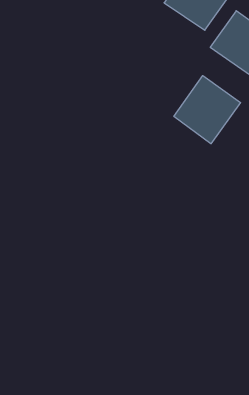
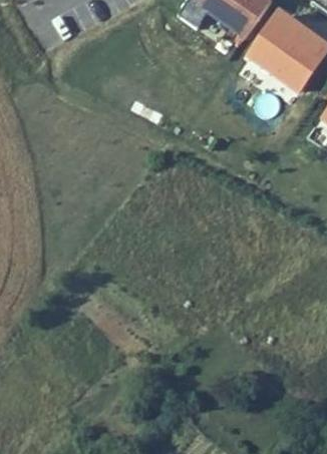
building: [174,76,241,144] -> none

